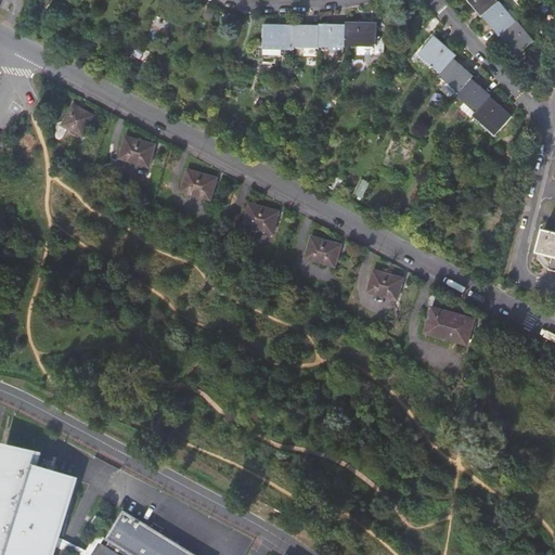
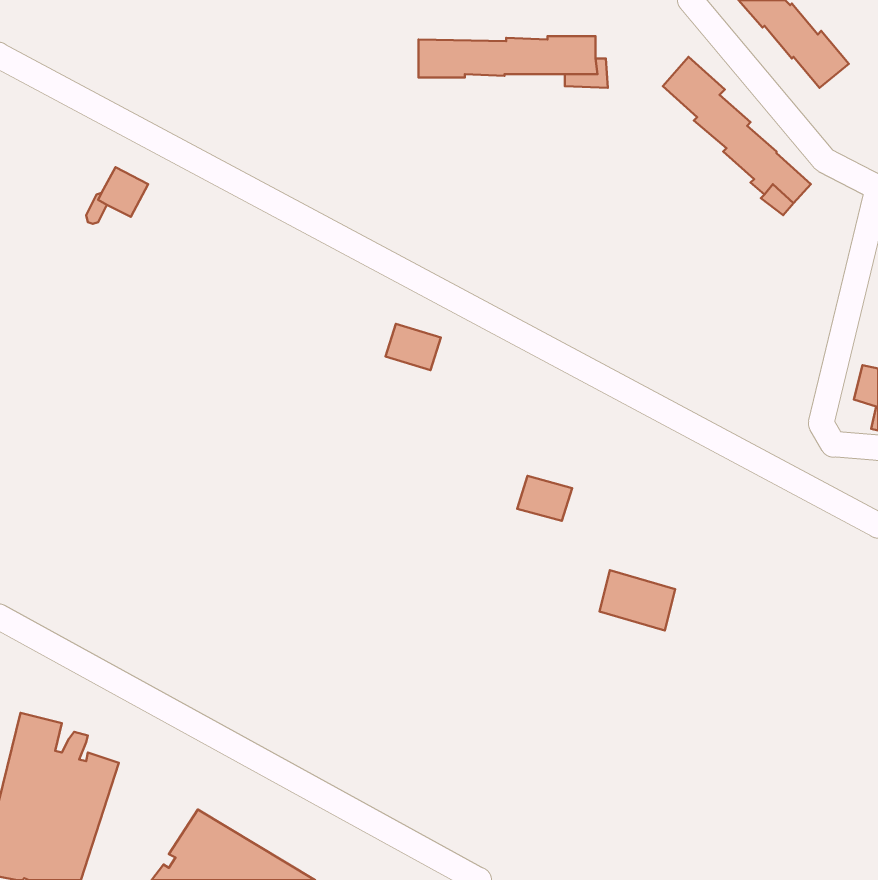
building: [119,138,154,167] -> none
building: [181,171,216,199] -> none
building: [306,237,340,266] -> none
building: [367,271,402,299] -> [517,476,572,521]
building: [424,307,472,345] -> [599,570,675,631]

